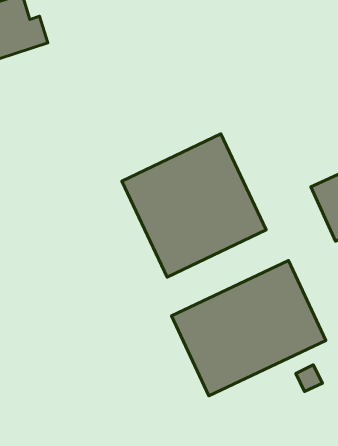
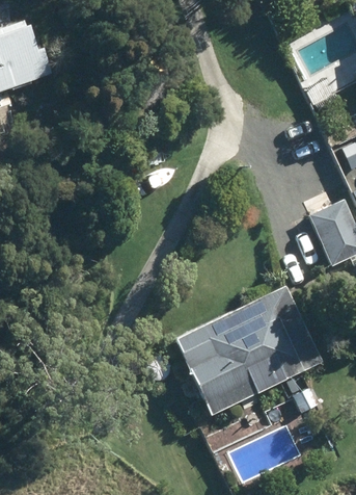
building: [122,134,266,277] -> none

